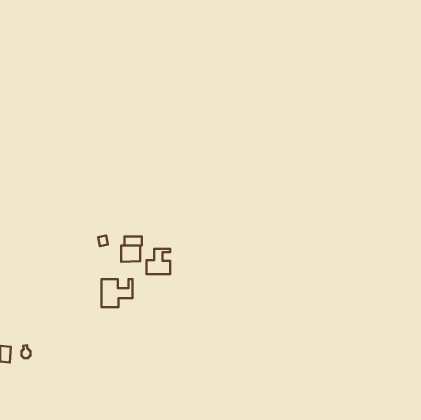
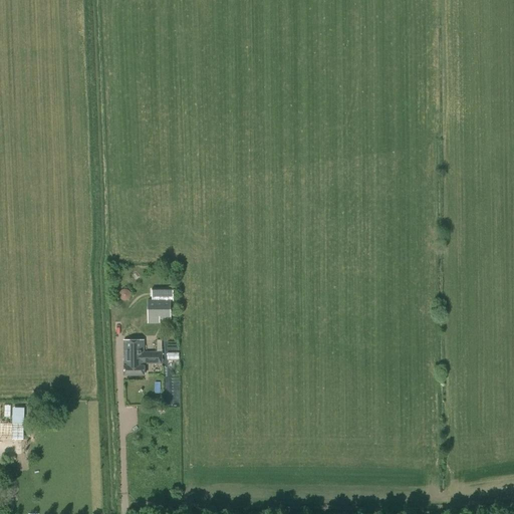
building: [146,249,170,274] -> none

